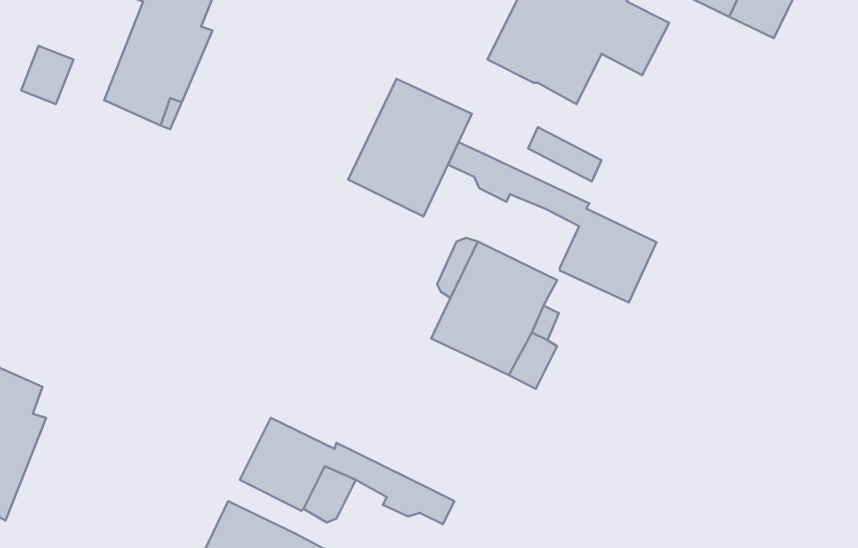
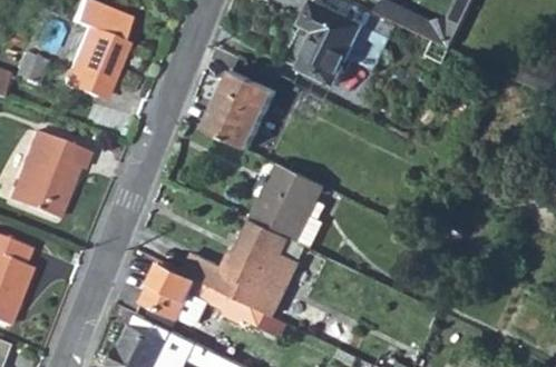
building: [448,142,657,302] -> none
building: none -> [9,130,86,216]
building: none -> [183,219,300,317]

